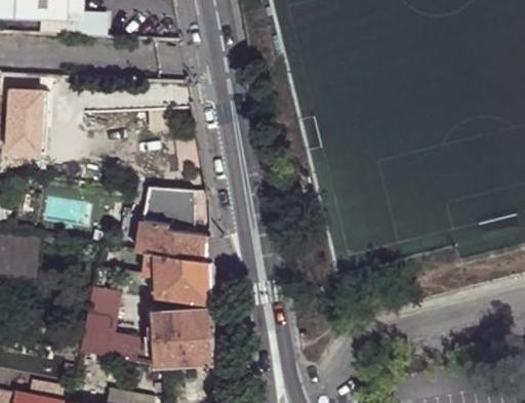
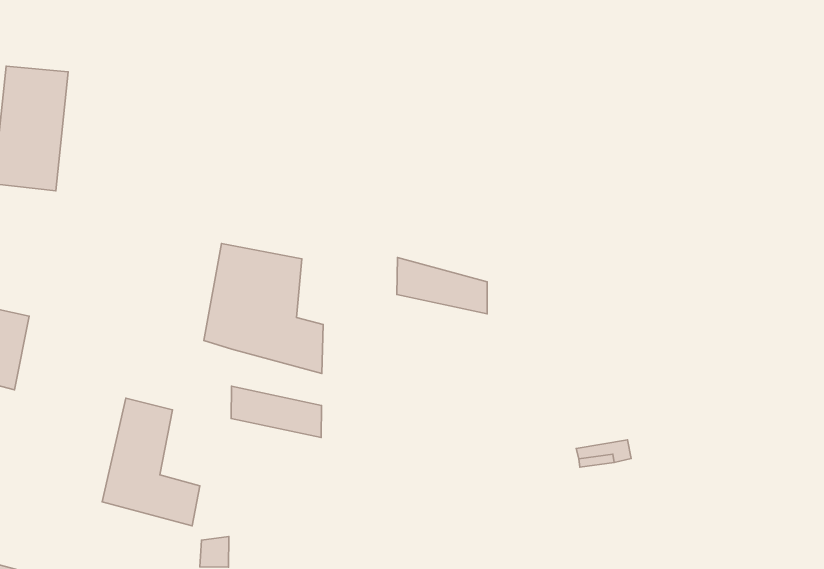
building: [154,254,210,285] -> [397,257,487,314]
building: [154,309,213,365] -> none

